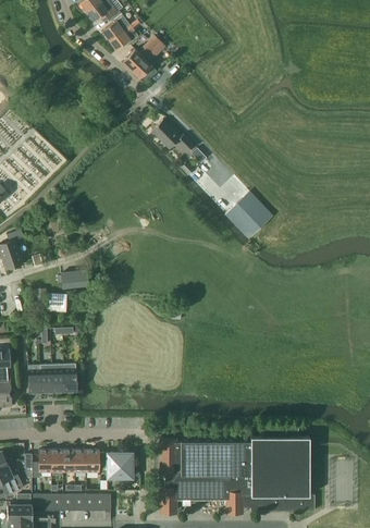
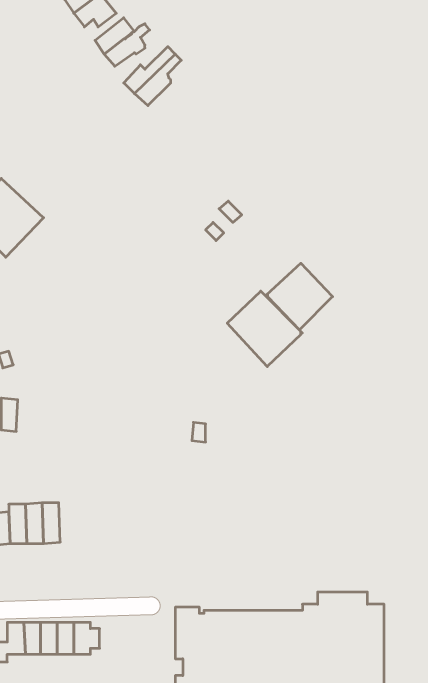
building: [150,120,194,154] -> none
building: none -> [227,291,302,367]
building: [57,270,83,287] -> none
building: [108,453,132,478] -> none

